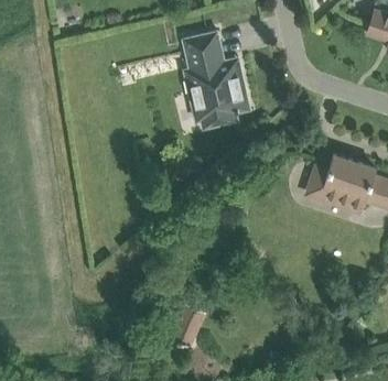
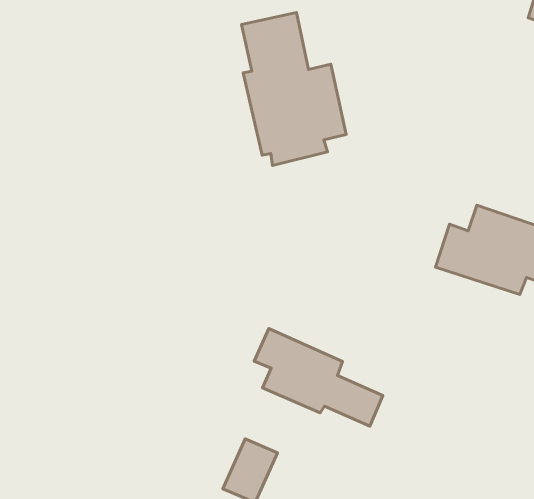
building: none -> [254,329,383,426]

